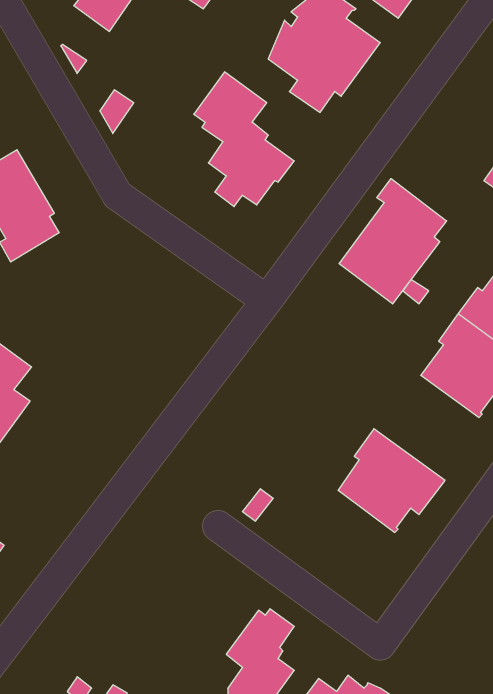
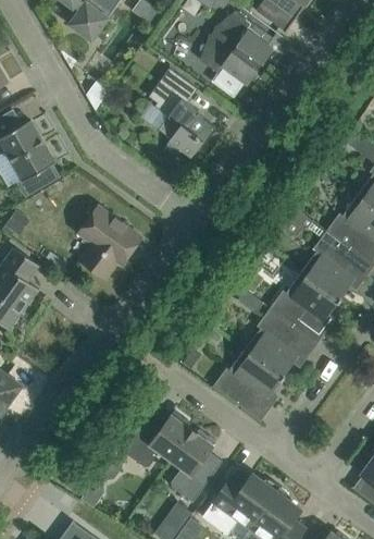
building: [339,179,447,304] -> none
building: none -> [77,205,141,279]
building: none -> [269,272,339,343]
building: none -> [212,350,283,421]
building: none -> [123,411,191,467]

